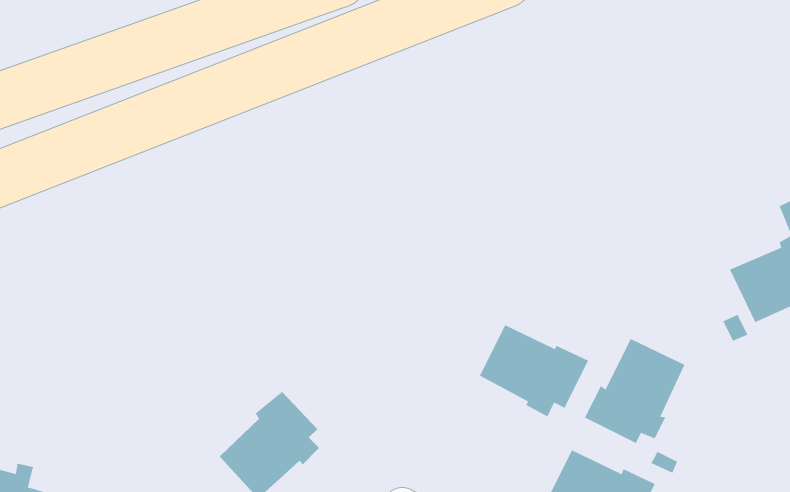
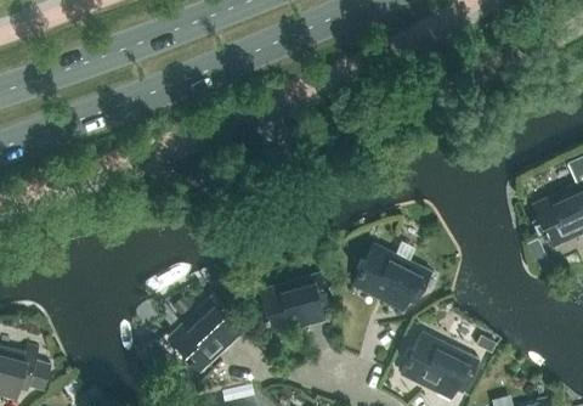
building: [584,338,685,444] -> none
building: none -> [257,272,329,333]

